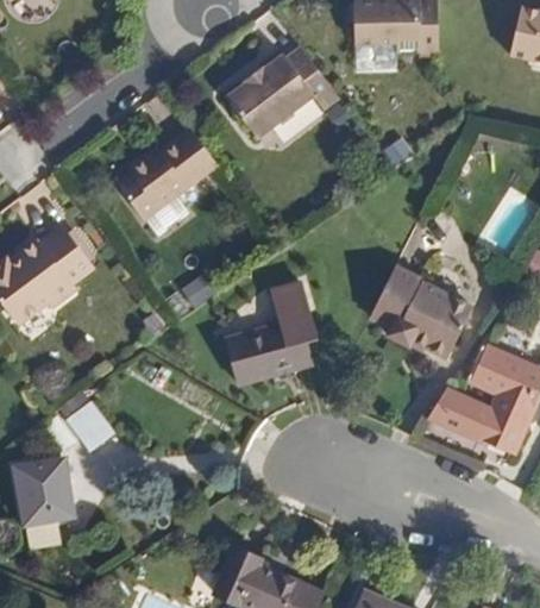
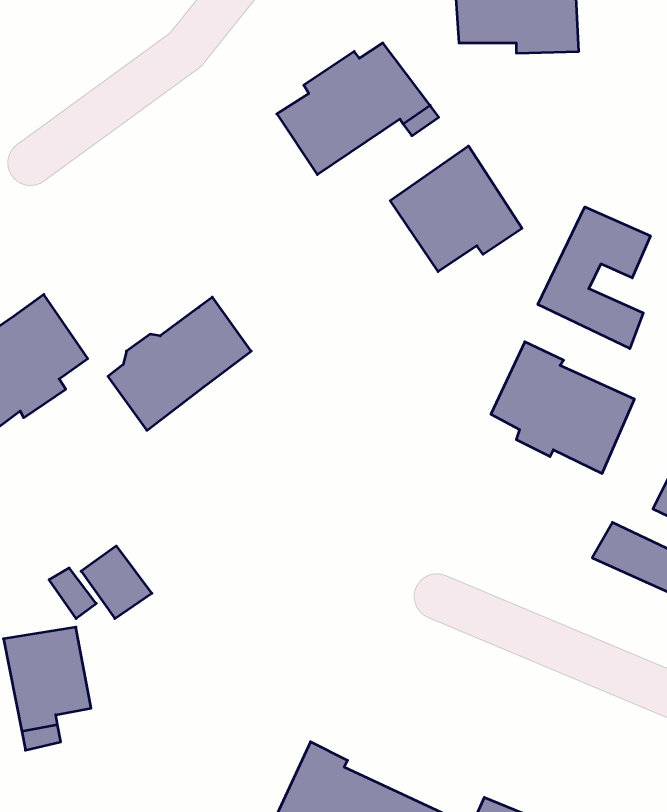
building: none -> [390,146,522,272]
building: [108,132,209,226] -> [108,297,251,430]
building: none -> [538,207,650,349]
building: [233,278,322,368] -> none

